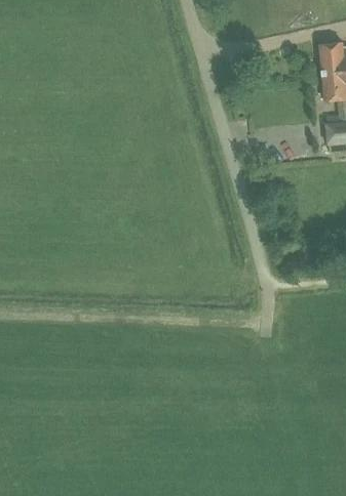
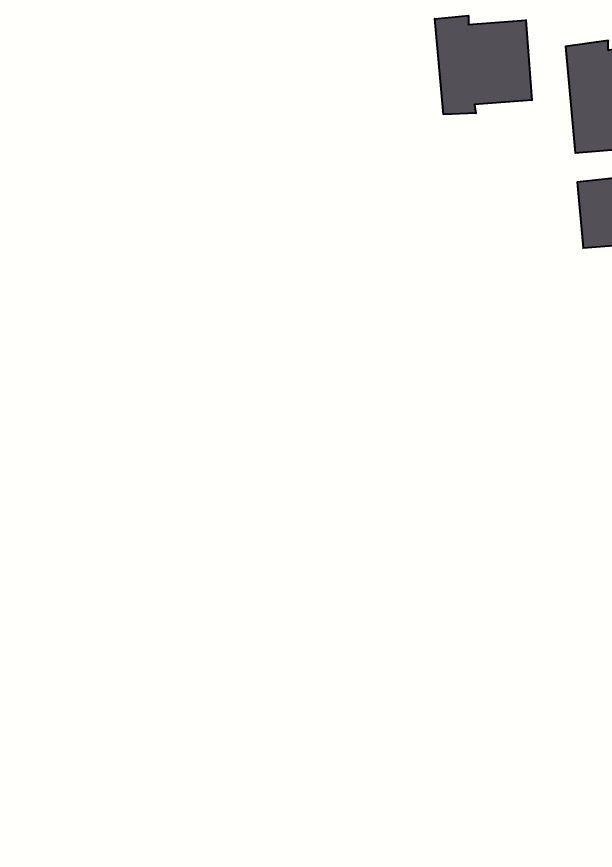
building: none -> [435,16,532,114]

